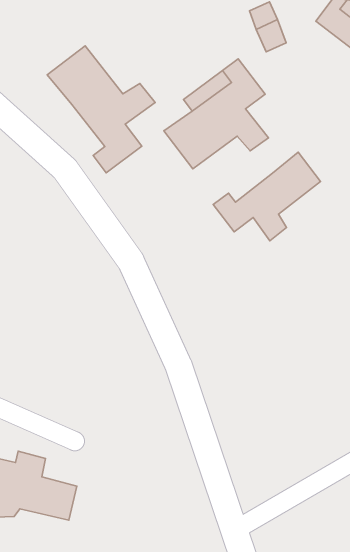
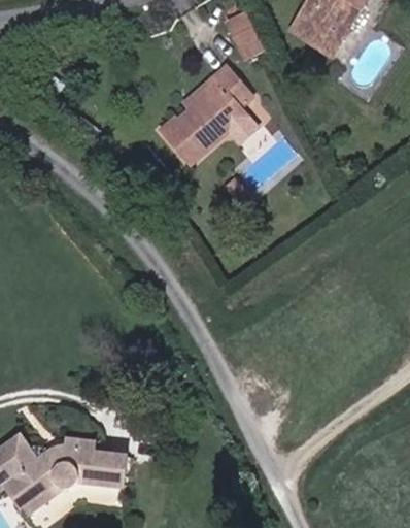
building: [47,46,155,173] -> none
building: [213,152,321,241] -> none

